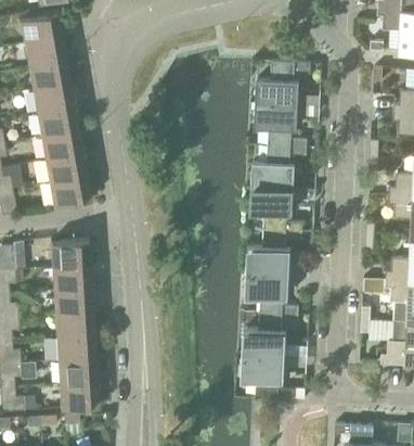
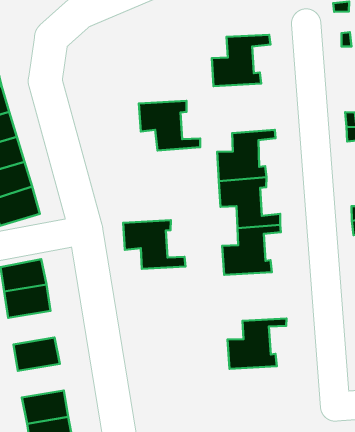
building: [256,104,308,149] -> [139,101,200,150]
building: [247,272,299,317] -> [123,220,186,269]
building: [53,288,92,314] -> none
building: [56,335,95,361] -> none
building: [243,356,295,400] -> none

